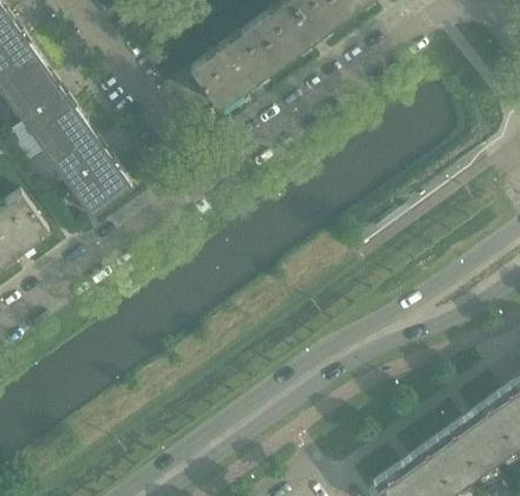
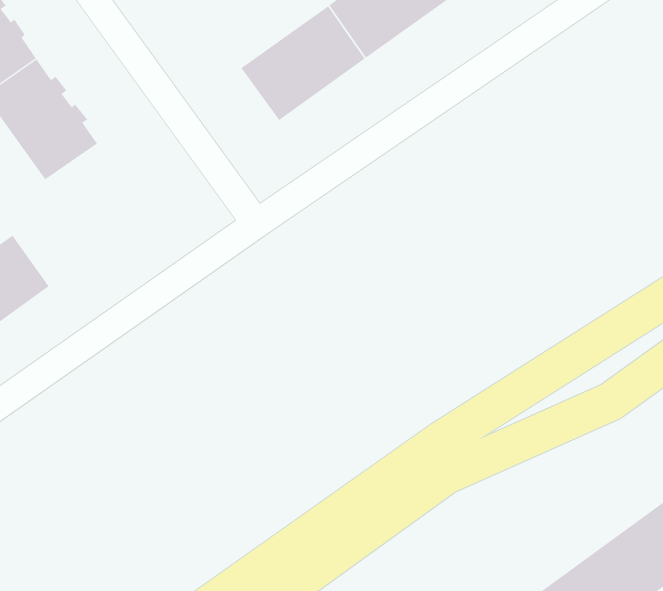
building: [45,125,131,216] -> none

